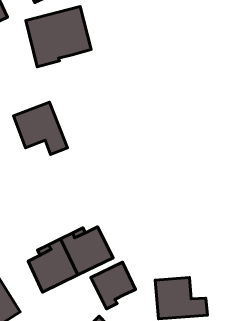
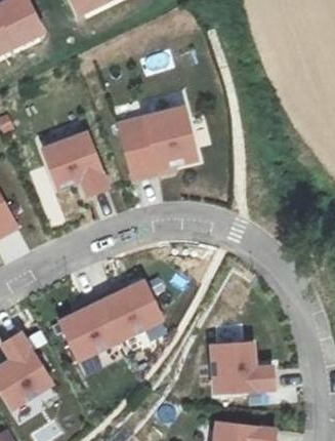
building: [26,7,91,67] -> [120,108,198,179]
building: [91,262,135,309] -> none

